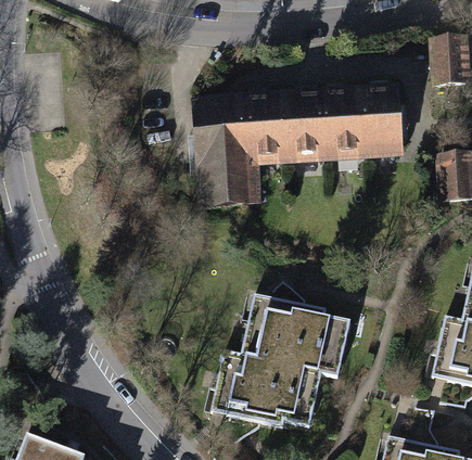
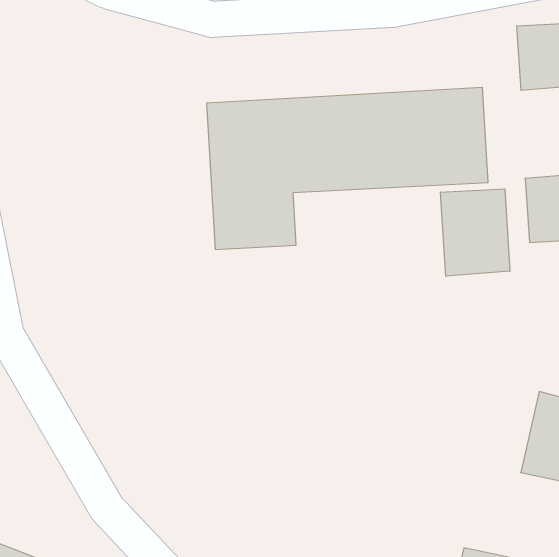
building: none -> [440,189,510,276]
building: [211,295,349,430] -> none

